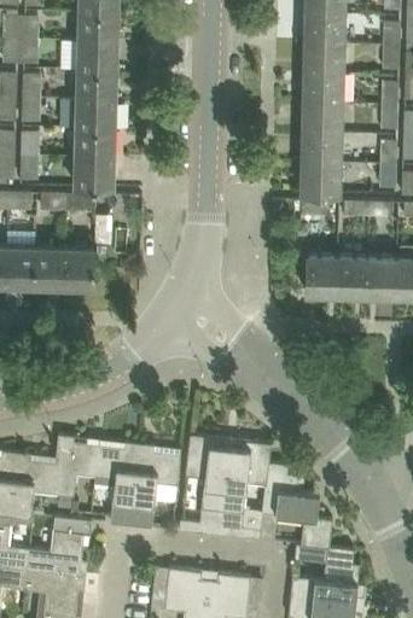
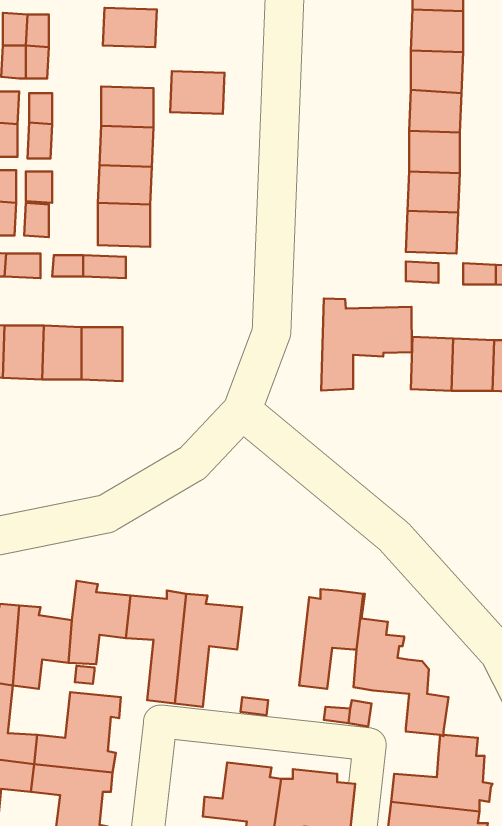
building: [76,40,116,71] -> [170,71,224,114]
building: none -> [321,298,412,391]
building: [185,435,229,512] -> none

